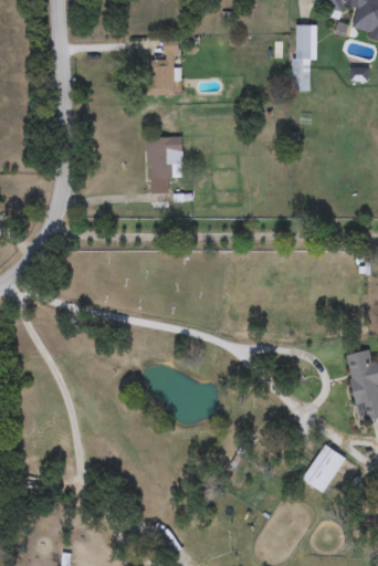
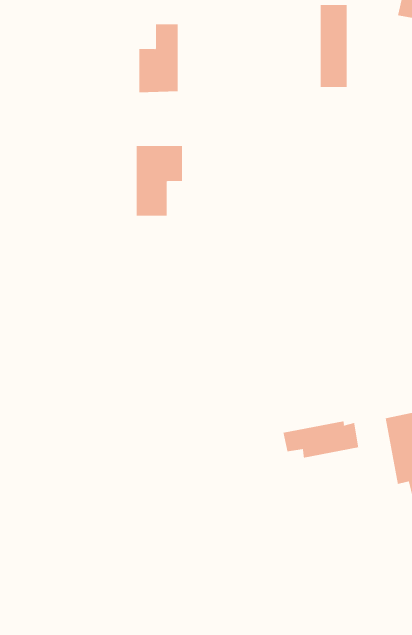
building: none -> [283,421,359,458]
building: [302,444,346,493] -> none

